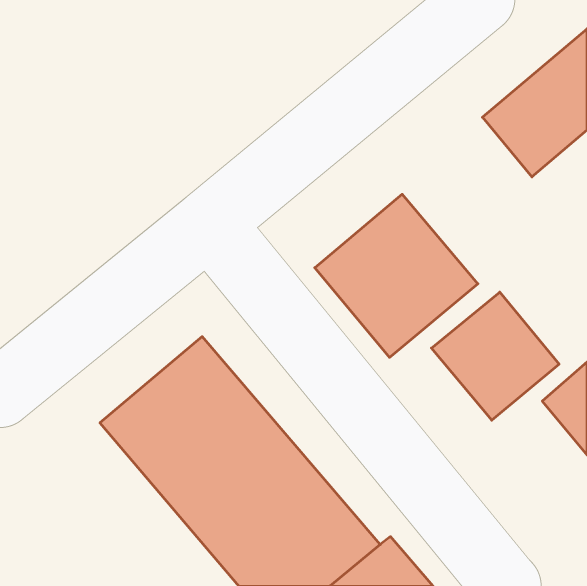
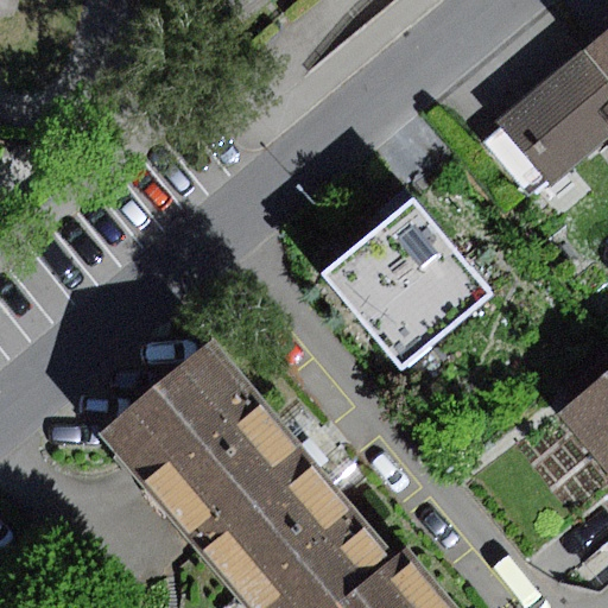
building: [431,292,559,420] -> none

